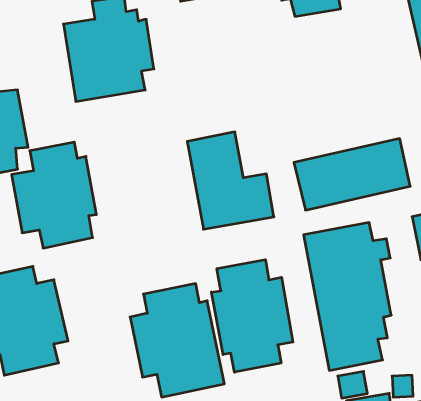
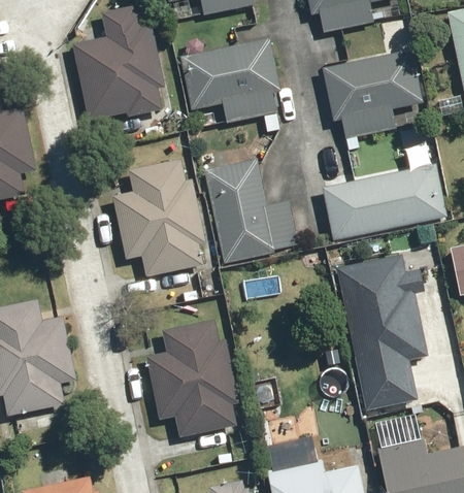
building: none -> [179,41,283,123]
building: none -> [322,46,426,140]
building: [12,142,96,248] -> [112,162,204,276]
building: [211,260,293,372] -> none

